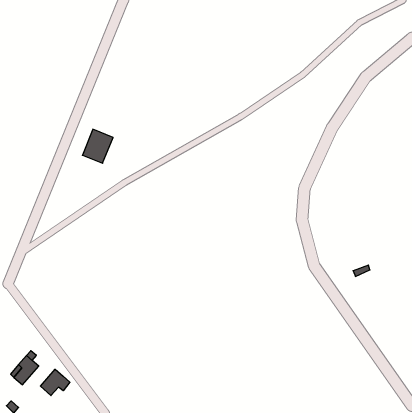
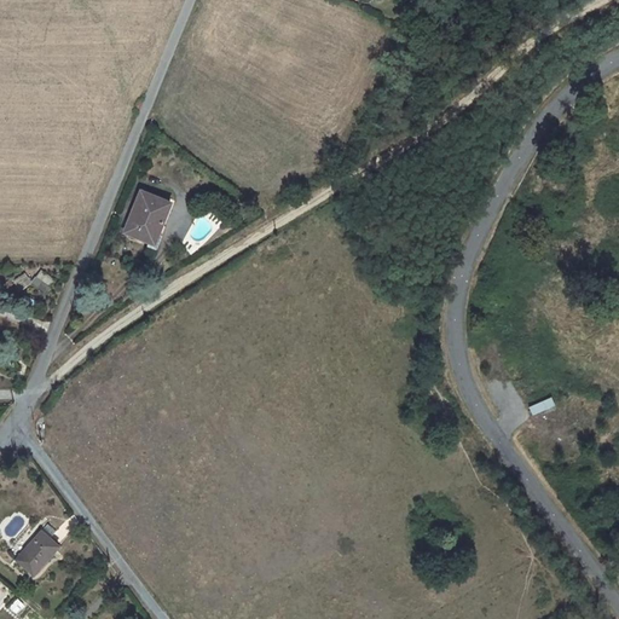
building: [40,369,70,396] -> none

